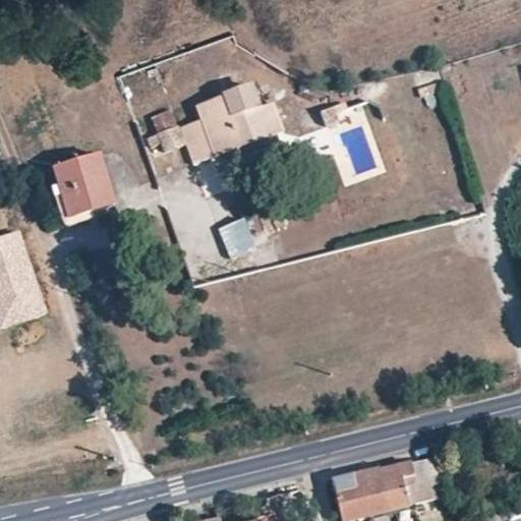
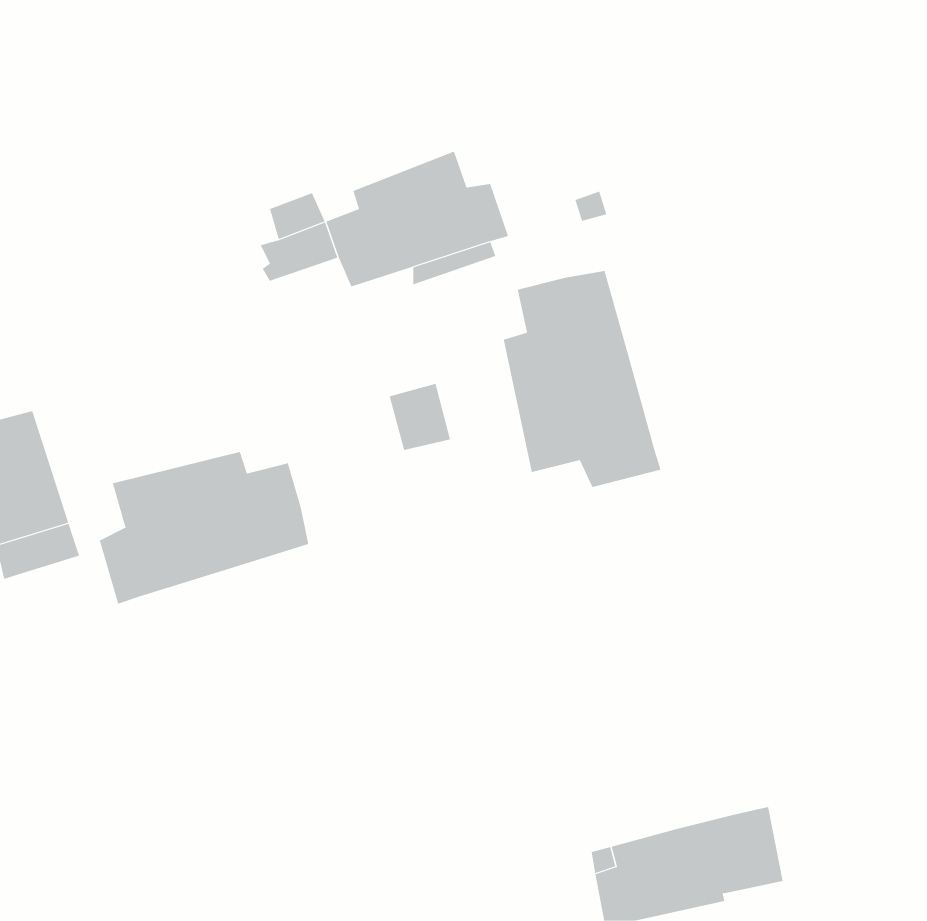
building: none -> [503,270,661,488]
building: [54,156,116,218] -> none
building: none -> [99,451,309,604]

